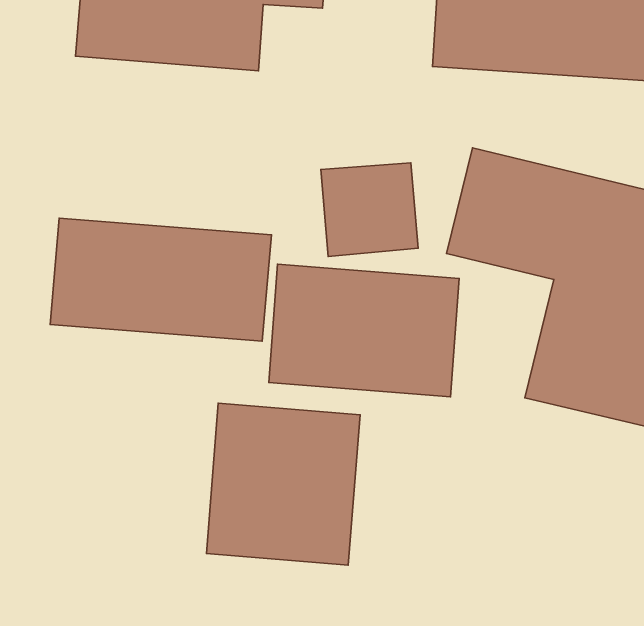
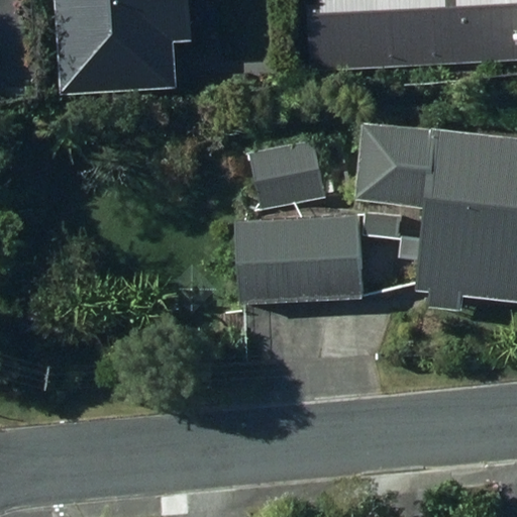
building: [50,218,271,341] -> none
building: [206,403,360,565] -> none

